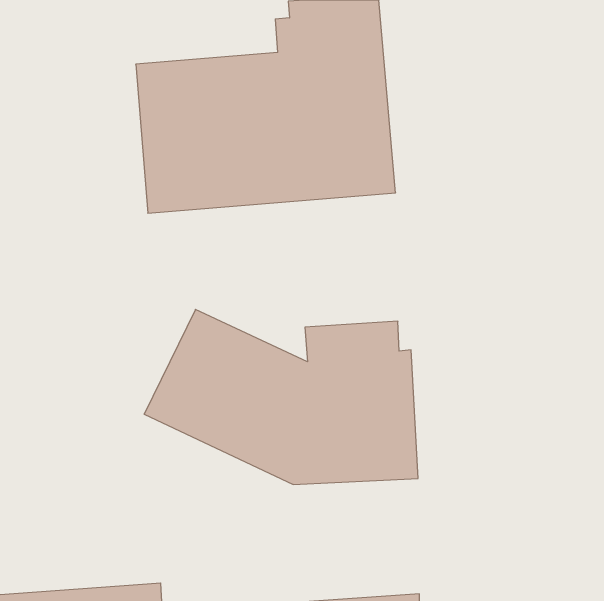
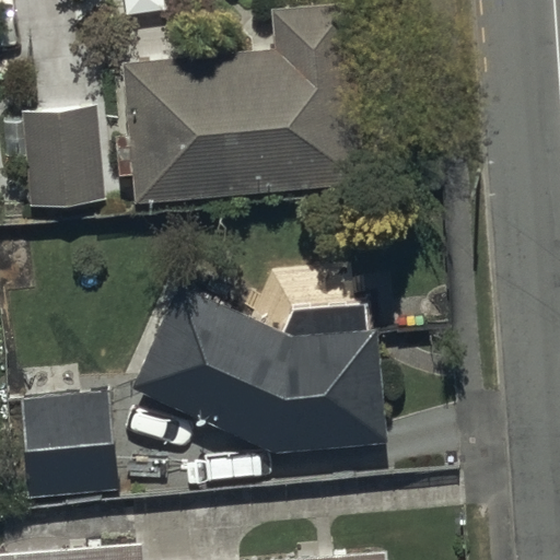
building: none -> [19,108,105,208]
building: none -> [18,395,116,501]

